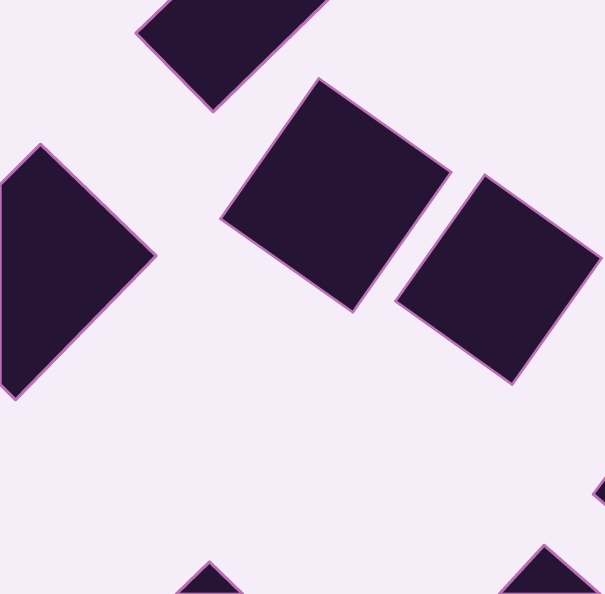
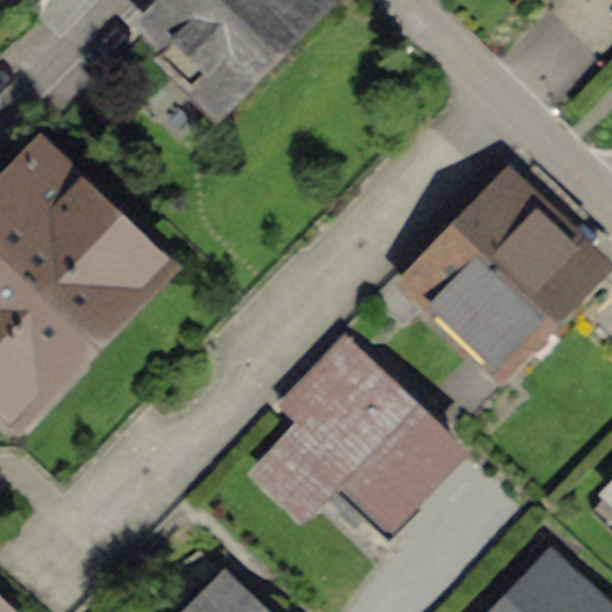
building: [221,78,451,312] -> none
building: none -> [264,332,463,513]

